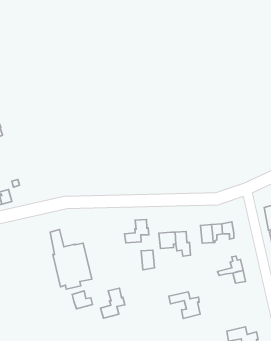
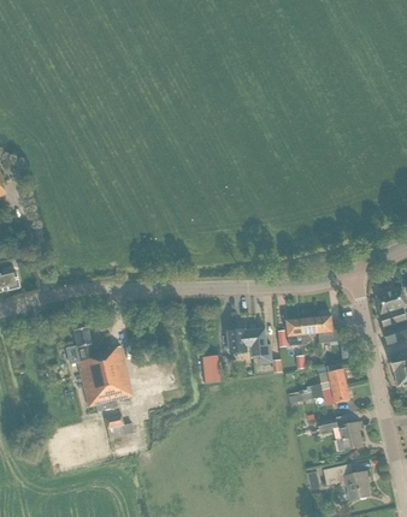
building: [125,220,149,243] -> none
building: [100,288,125,318] -> none
building: [169,292,200,318] -> [318,416,362,453]

